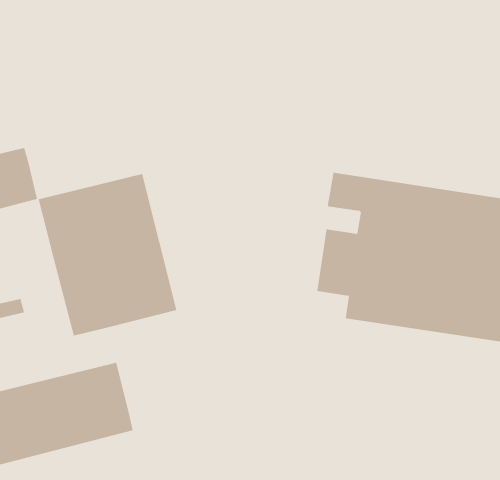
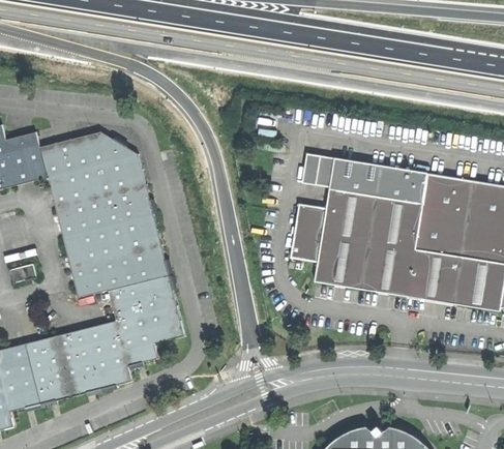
building: none -> [40,131,140,178]
building: none -> [109,275,185,366]

